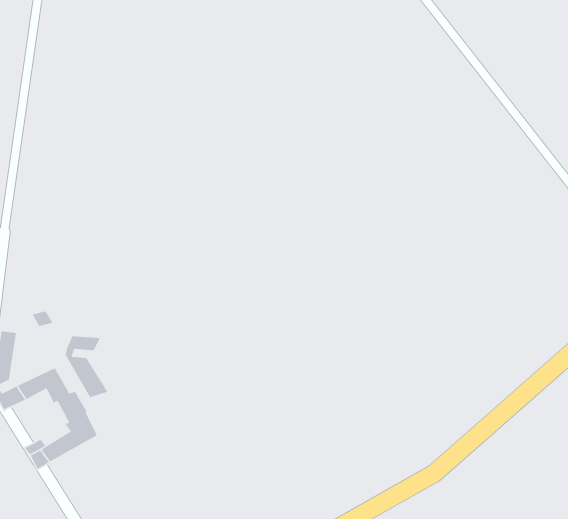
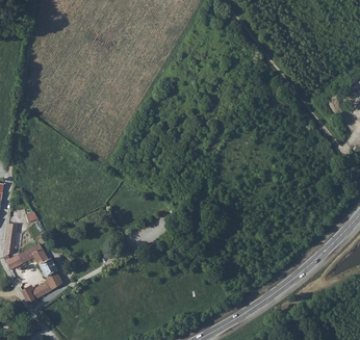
building: [65,335,109,398] -> none

